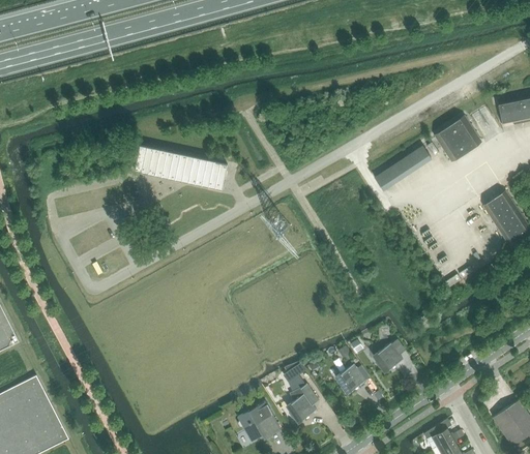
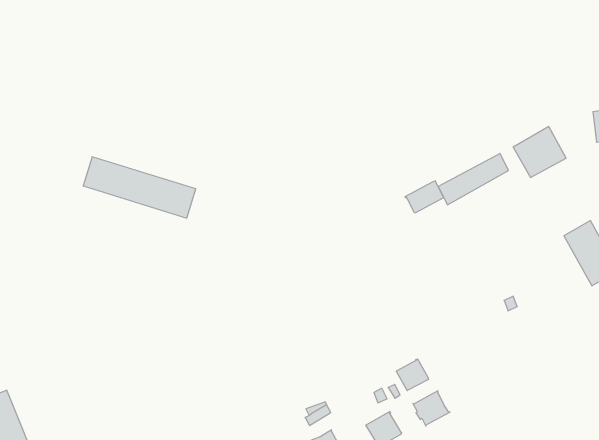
building: [134,146,227,189] -> [83,157,196,218]
building: none -> [405,181,443,213]
building: none -> [397,359,429,391]

